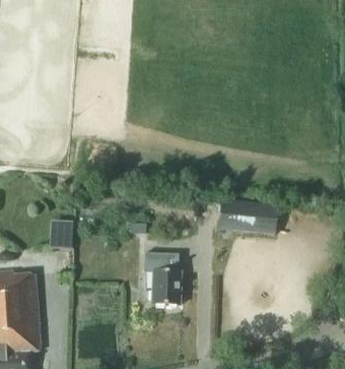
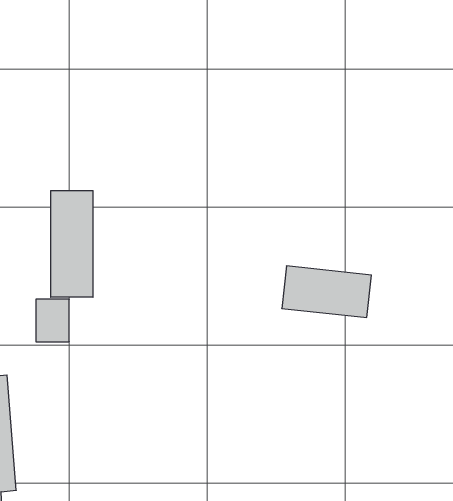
building: none -> [51,191,93,297]
building: [143,253,181,305] -> none

